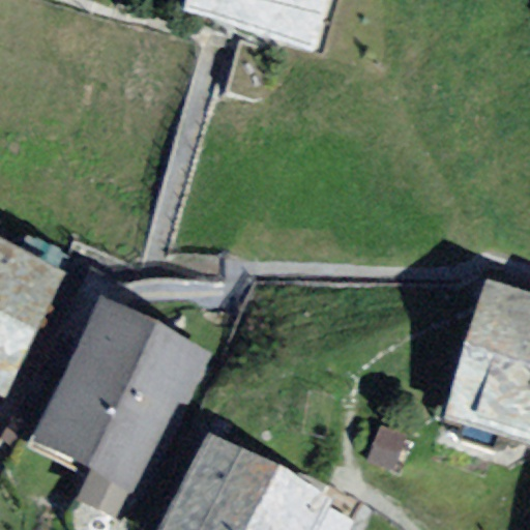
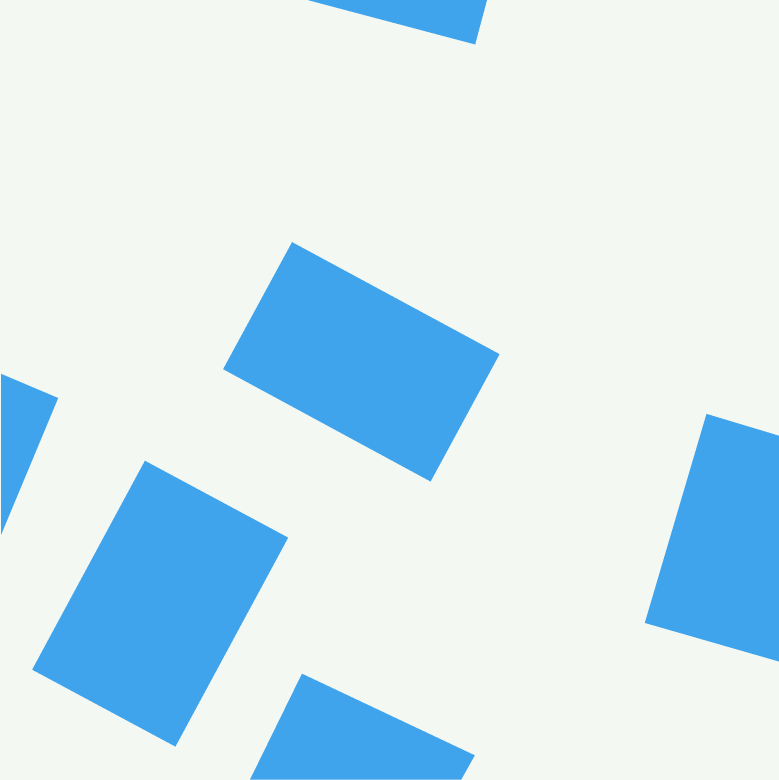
building: none -> [222,241,501,482]

